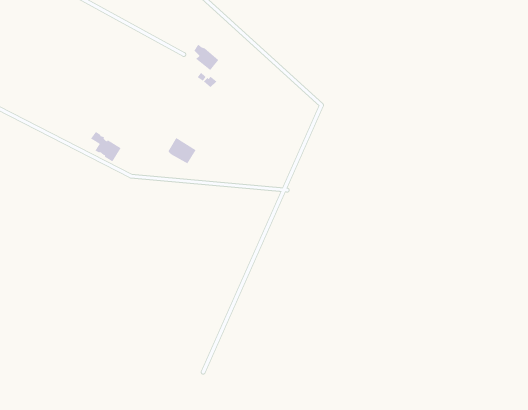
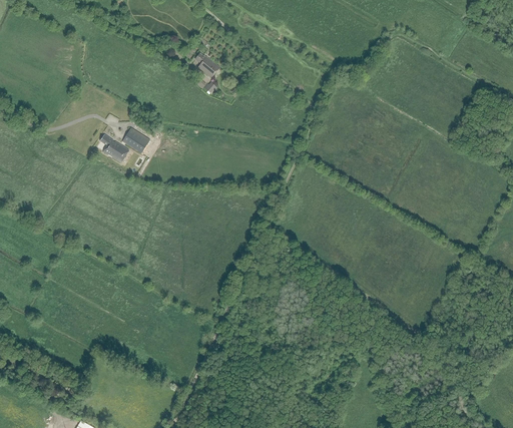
building: [167,137,196,164] -> [122,127,149,152]

